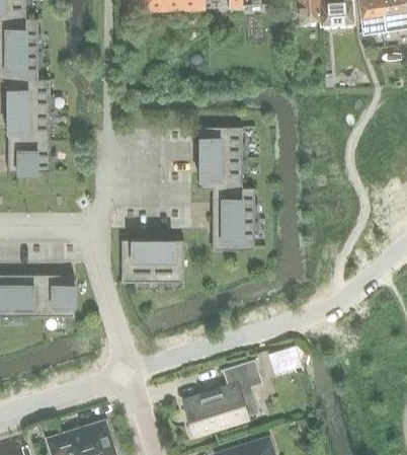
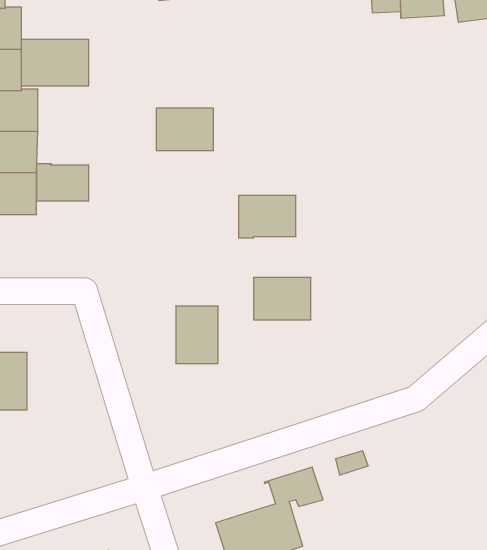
building: none -> [22,39,89,86]
building: [199,126,242,157] -> [156,108,214,150]
building: none -> [37,164,88,201]
building: [211,186,253,218] -> none
building: [121,239,153,282] -> none
building: [43,274,74,316] -> none

